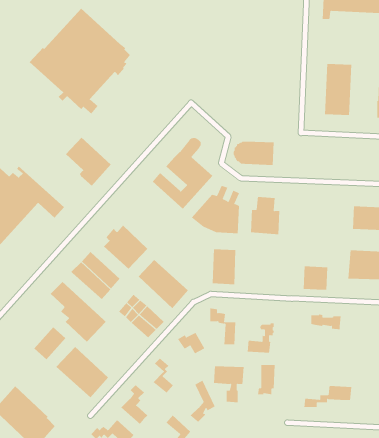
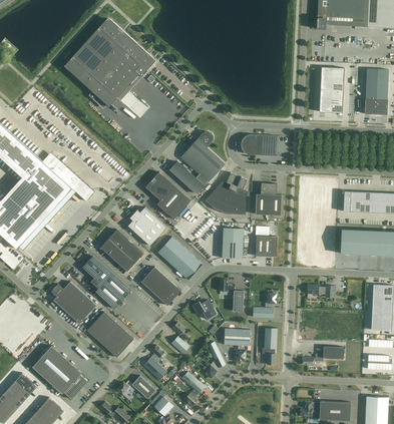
building: [65,137,112,187] -> [145,171,185,215]
building: [303,266,328,290] -> [256,236,278,257]
building: none -> [51,282,85,314]

